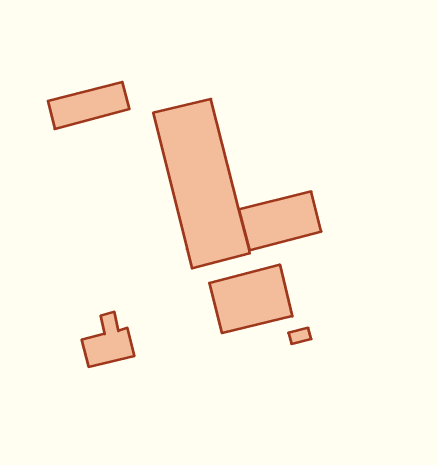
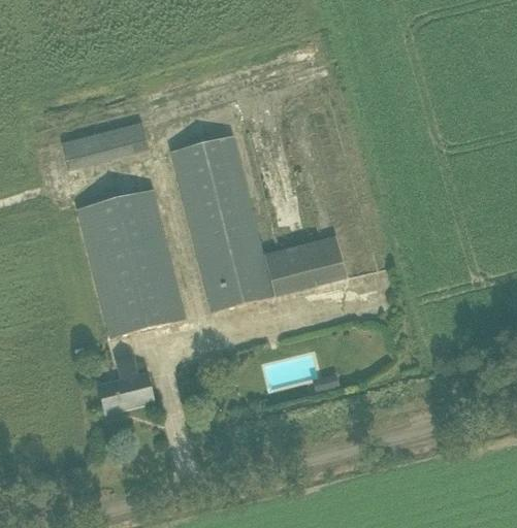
building: none -> [78,191,185,338]
building: [209,265,292,333] -> none

